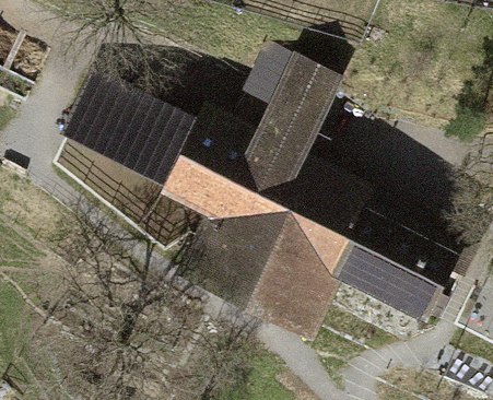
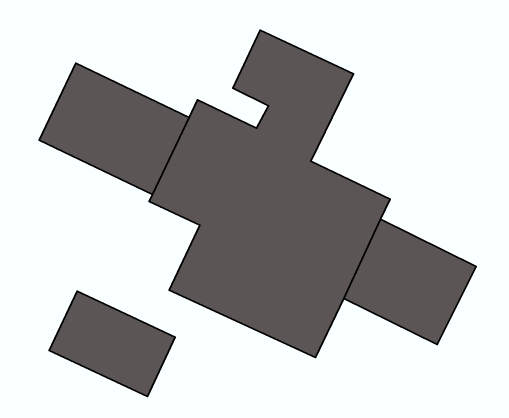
building: none -> [49,291,175,397]

